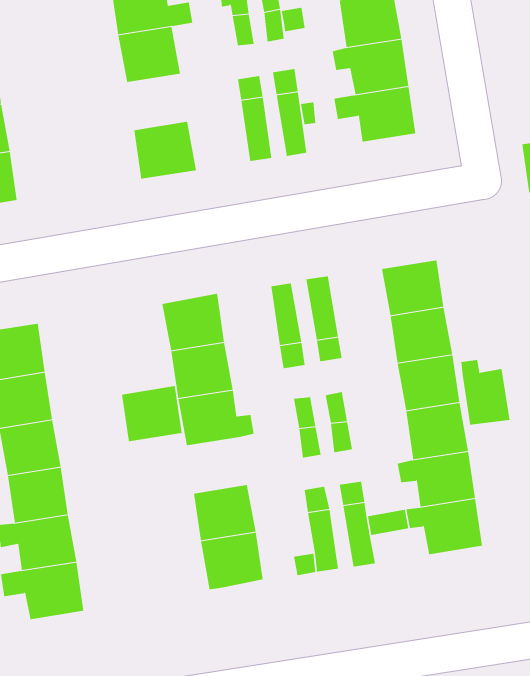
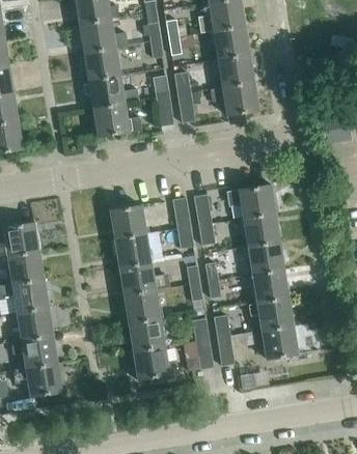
building: none -> [88,75,145,108]
building: [461,359,510,426] -> none
building: [121,386,182,442] -> [123,289,160,322]

